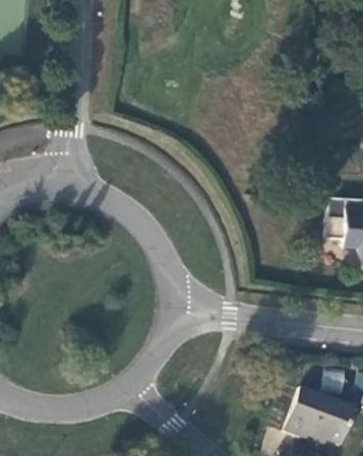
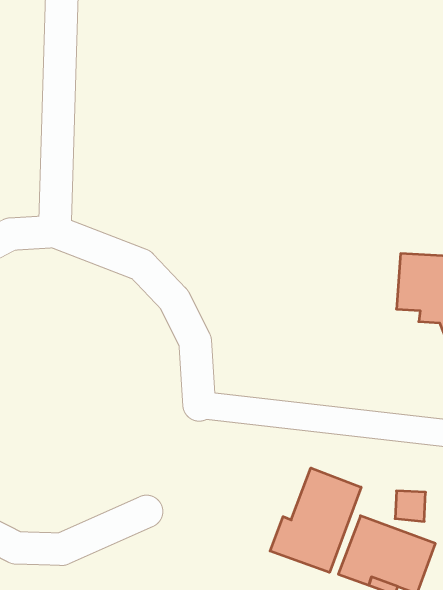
building: none -> [270,468,361,572]

